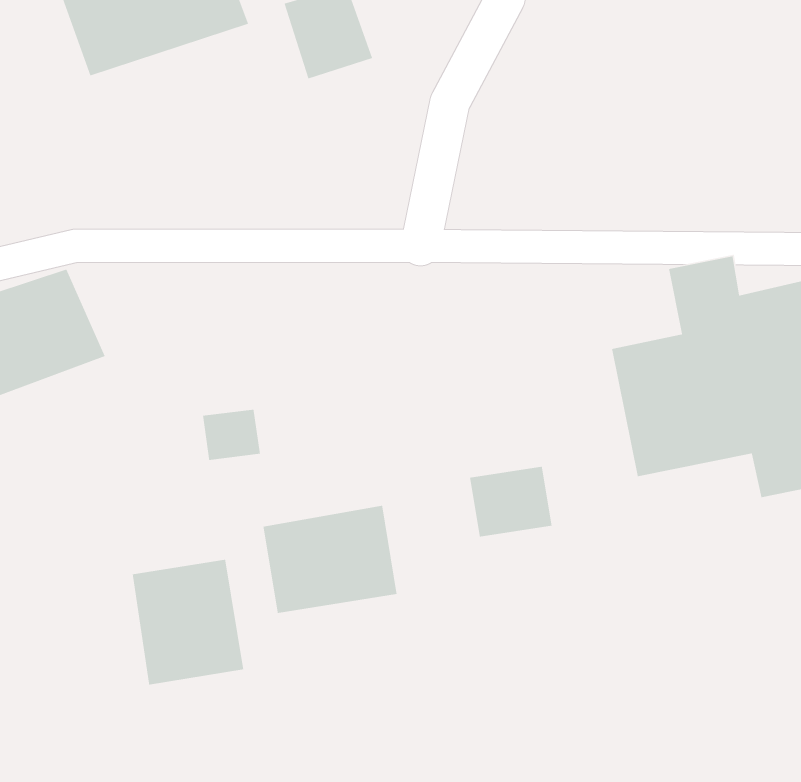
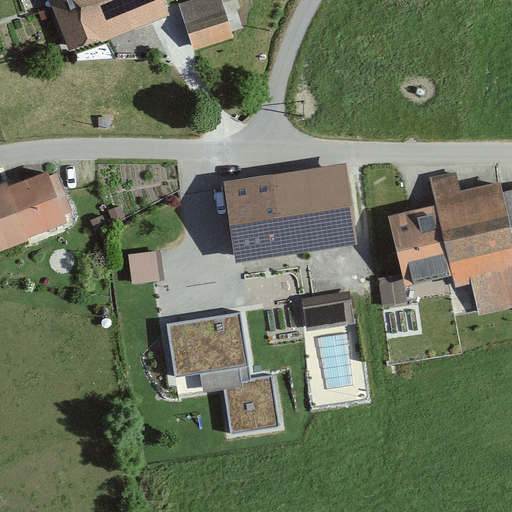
building: none -> [216,162,352,261]
building: [132,559,244,685] -> none
building: none -> [227,378,282,435]

